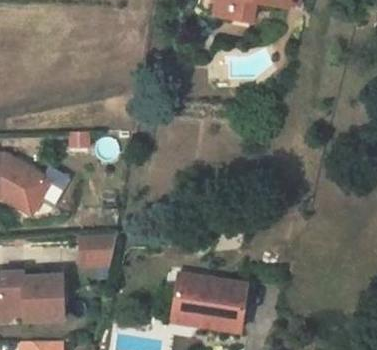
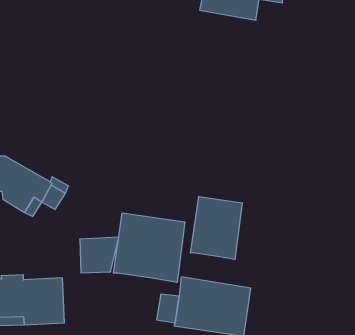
building: none -> [190,196,242,260]
building: none -> [113,213,185,282]

